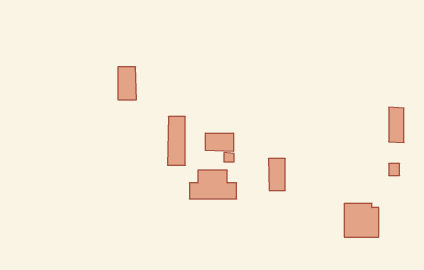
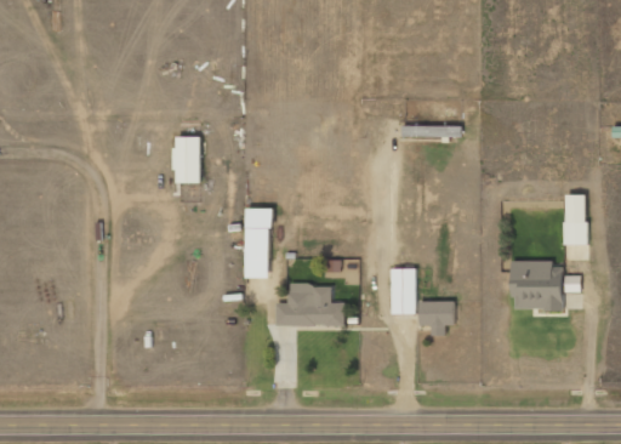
building: [205,133,233,151] -> none
building: none -> [420,301,454,336]
building: [344,203,379,237] -> [512,261,562,309]

